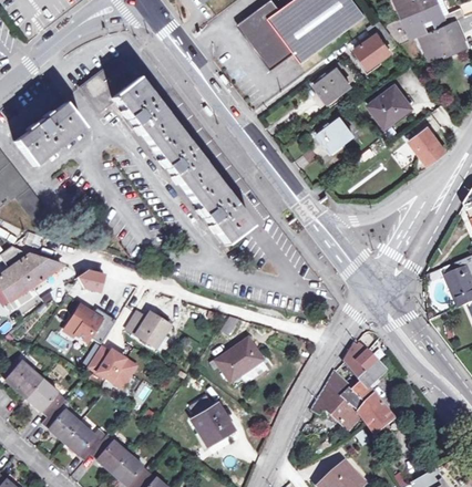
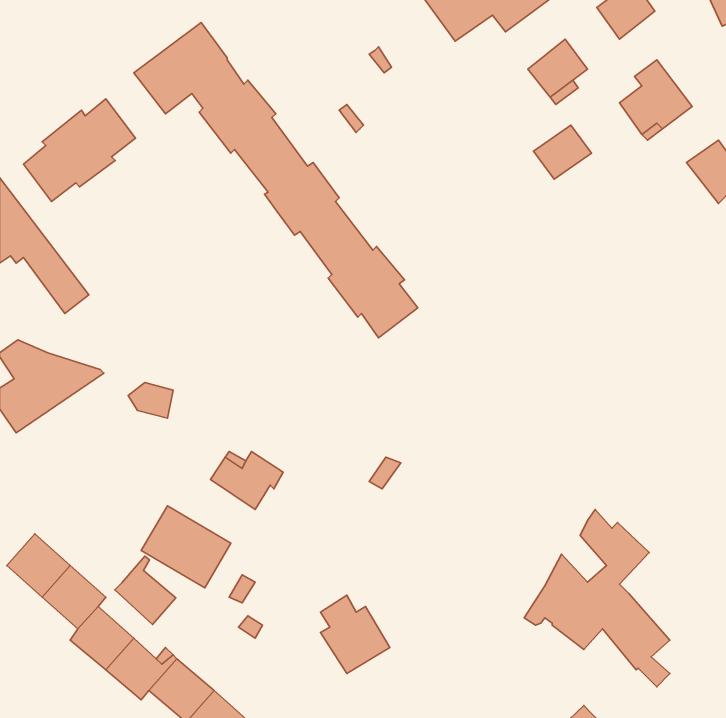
building: [62,303,105,348] -> none
building: [216,339,263,381] -> none
building: none -> [115,556,176,624]

